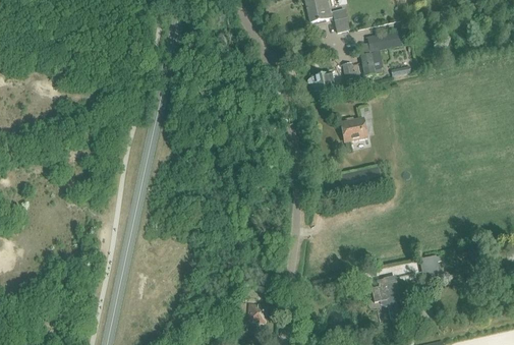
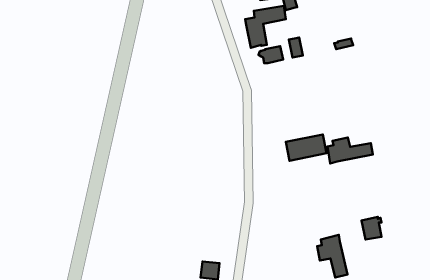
building: [358,31,402,75] -> [245,6,286,48]
building: [341,117,366,139] -> none
building: none -> [328,137,373,163]

